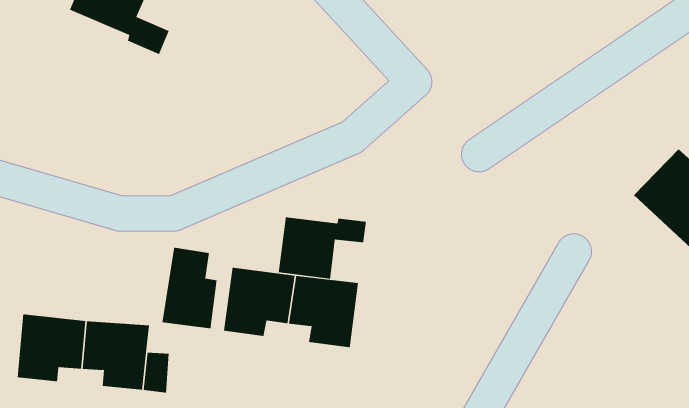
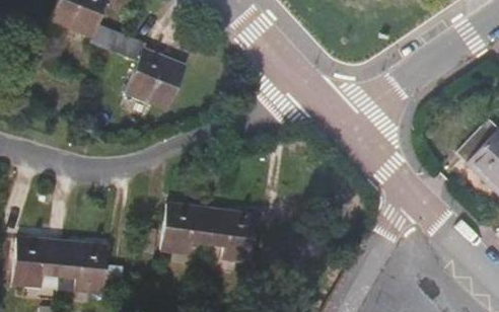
building: none -> [116,34,187,109]
building: [278,216,366,280] -> none
building: [162,247,217,329] -> none

